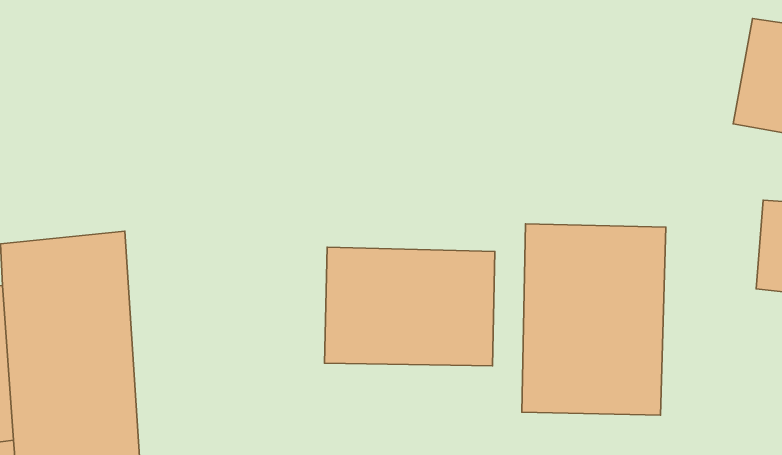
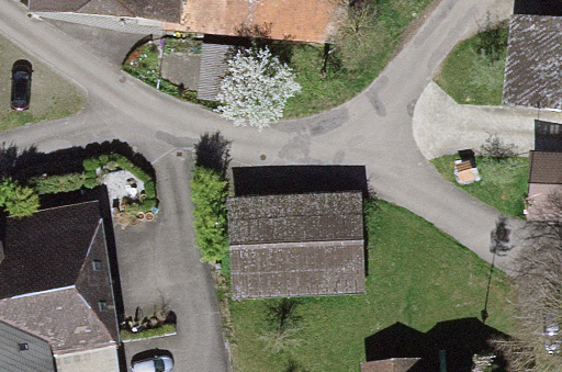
building: [522,224,666,415] -> none

